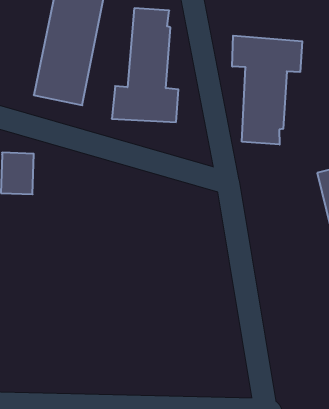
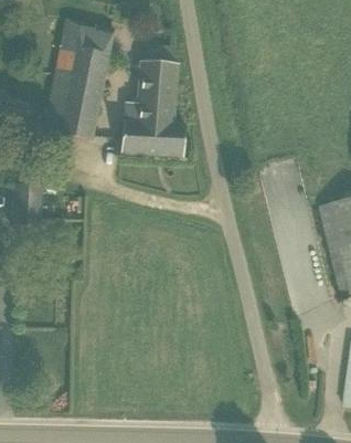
building: [232,36,302,145] -> none

